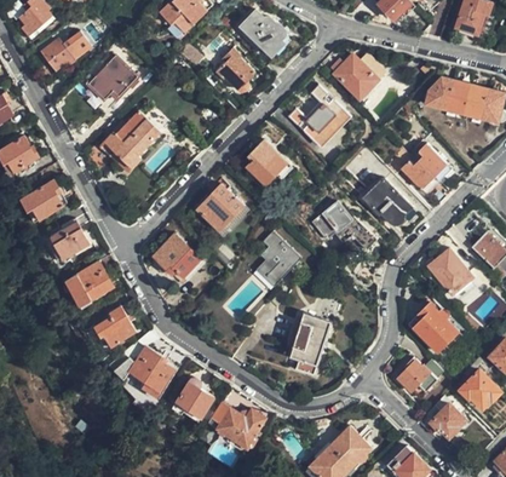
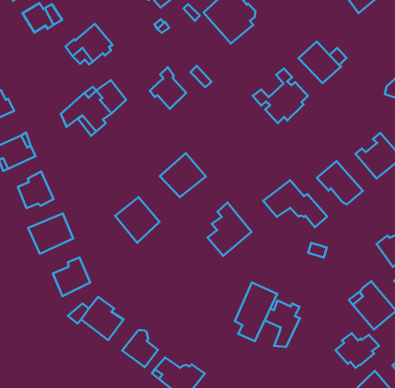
building: [213,48,252,92] -> [150,67,186,109]
building: [246,143,288,186] -> none
building: none -> [265,300,300,347]

